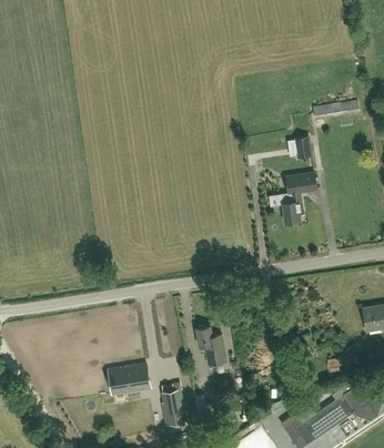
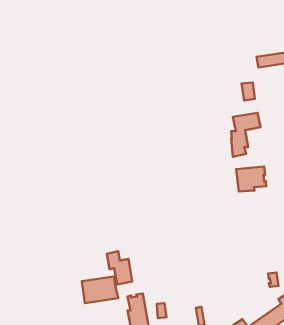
building: none -> [236,166,266,191]
building: [196,325,226,364] -> [107,251,132,284]

